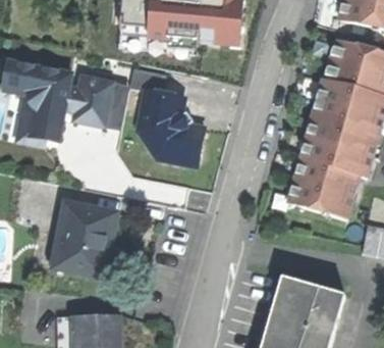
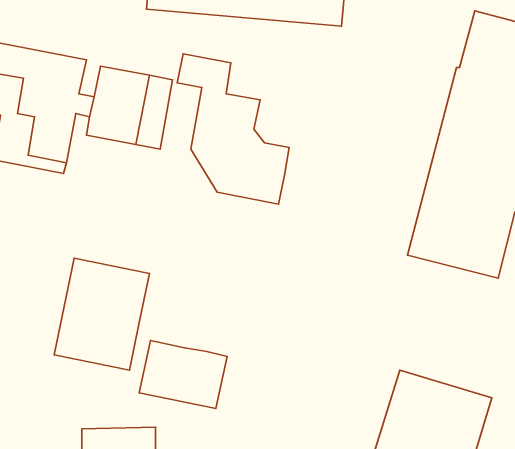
building: none -> [139,341,227,409]

